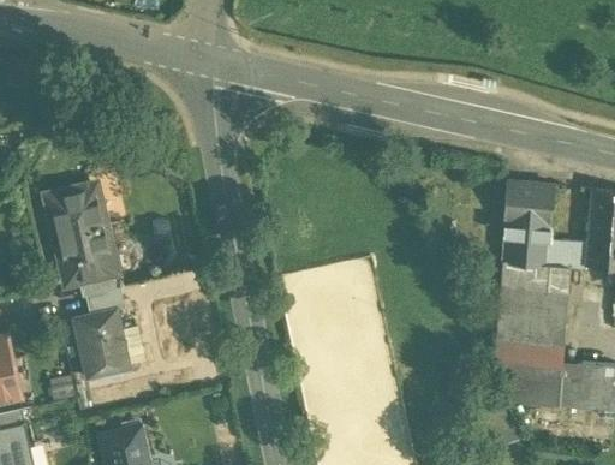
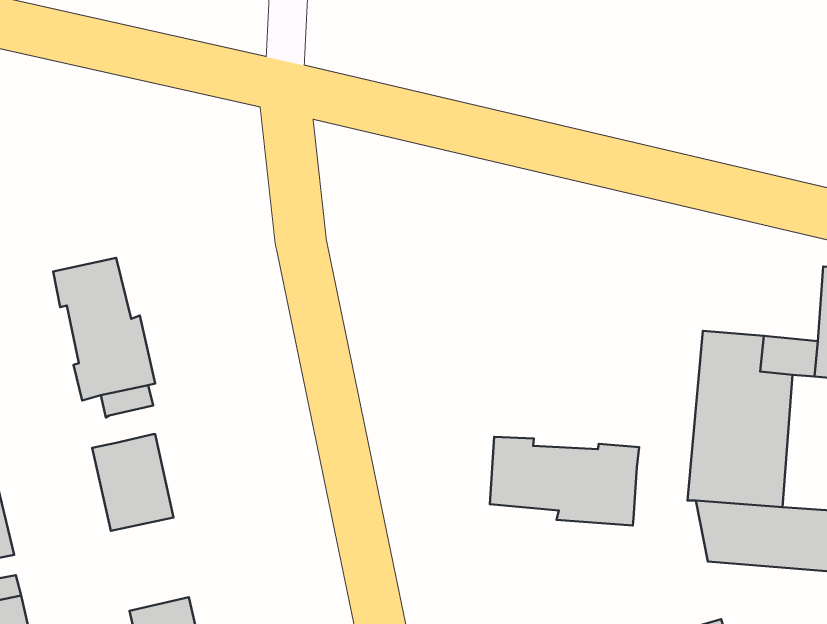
building: [504,184,553,240] -> none
building: [85,288,125,316] -> none
building: none -> [490,437,639,525]

